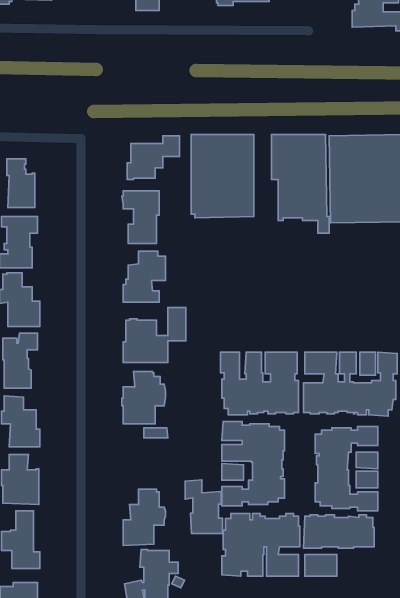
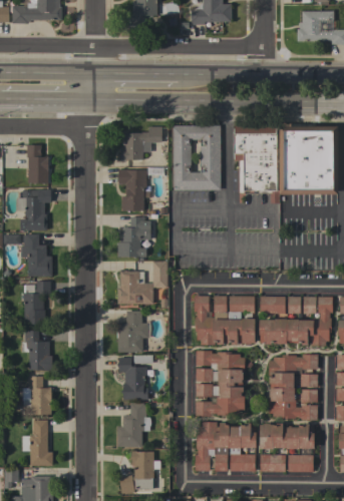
building: [185,480,222,534] -> [119,357,148,399]
building: none -> [289,454,314,471]

